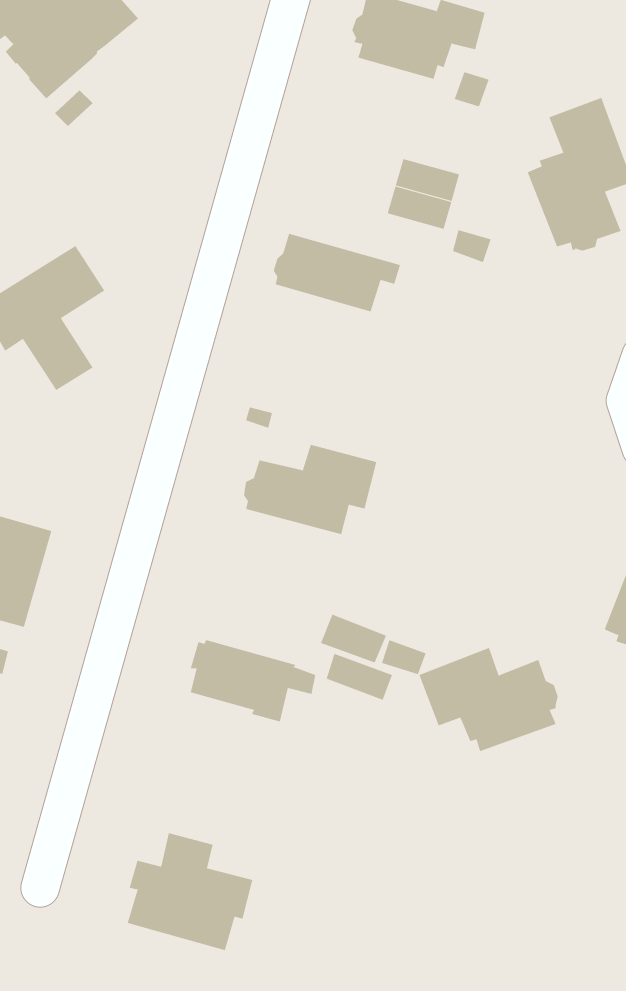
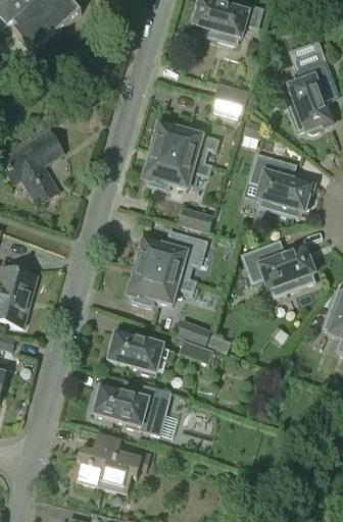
building: none -> [145,148,209,189]
building: none -> [249,153,311,216]
building: none -> [179,206,212,230]
building: none -> [129,264,194,305]
building: [419,647,558,752] -> [242,240,314,294]
building: none -> [94,381,170,433]

